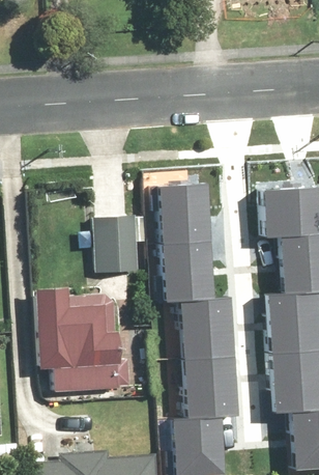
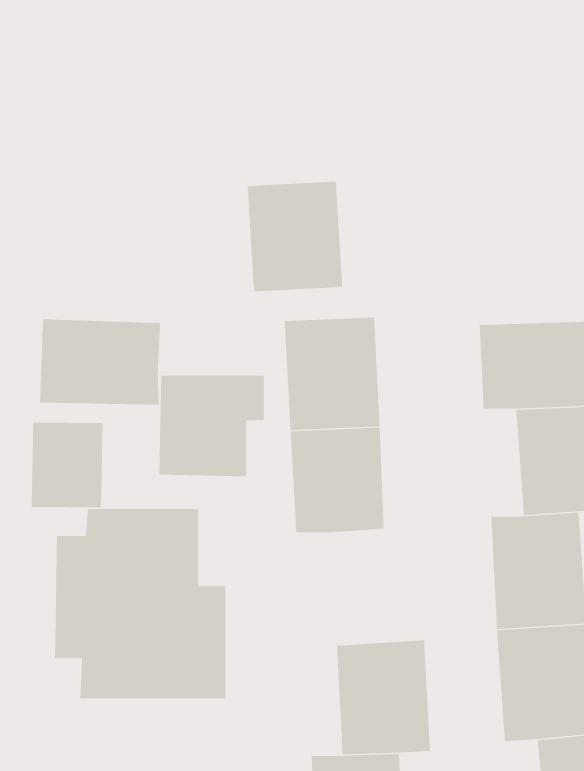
building: none -> [247,181,343,292]
building: none -> [39,318,161,405]
building: none -> [31,422,103,508]
building: [180,298,232,362] -> none

